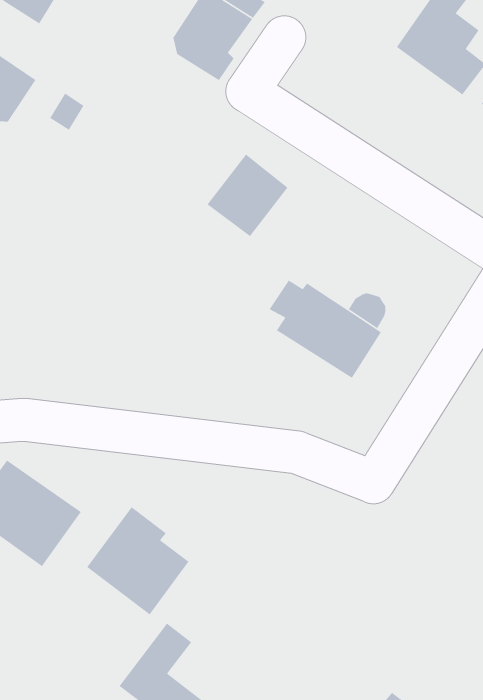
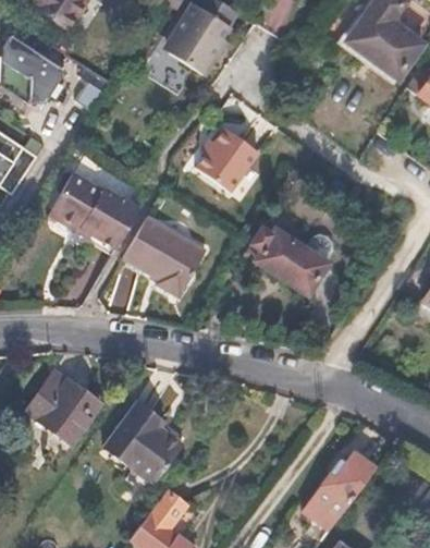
building: none -> [50,175,139,251]
building: none -> [123,219,204,297]
building: none -> [305,451,374,527]

